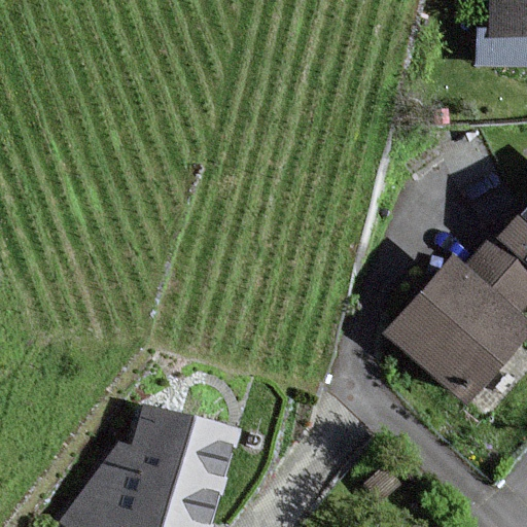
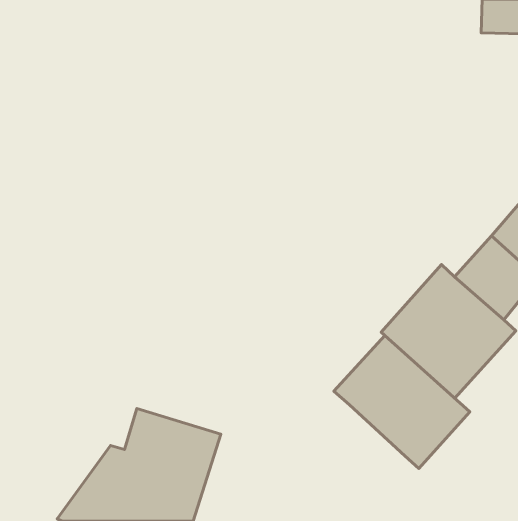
building: none -> [334,335,470,469]

